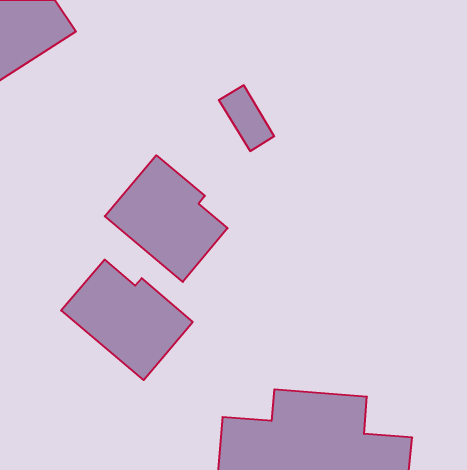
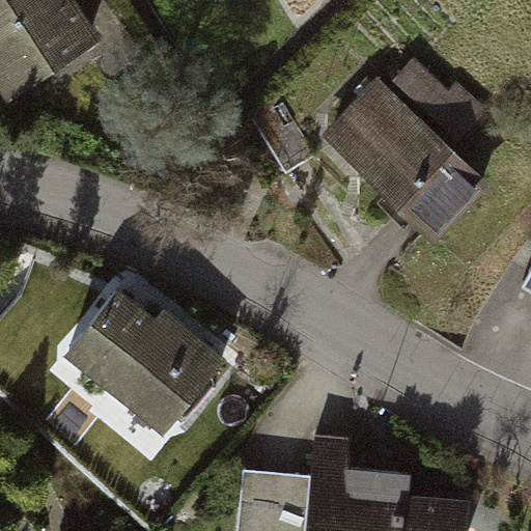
building: none -> [327,60,492,244]
building: [105,155,228,282] -> none

